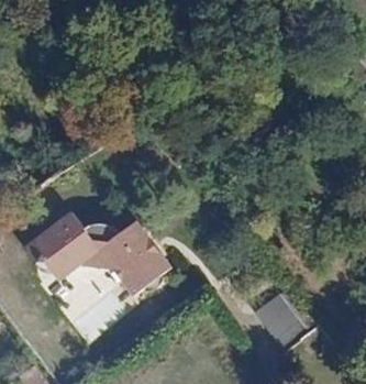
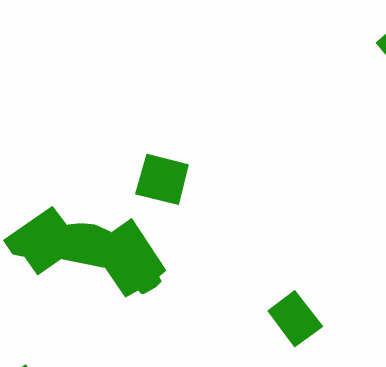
building: none -> [134,153,190,206]

